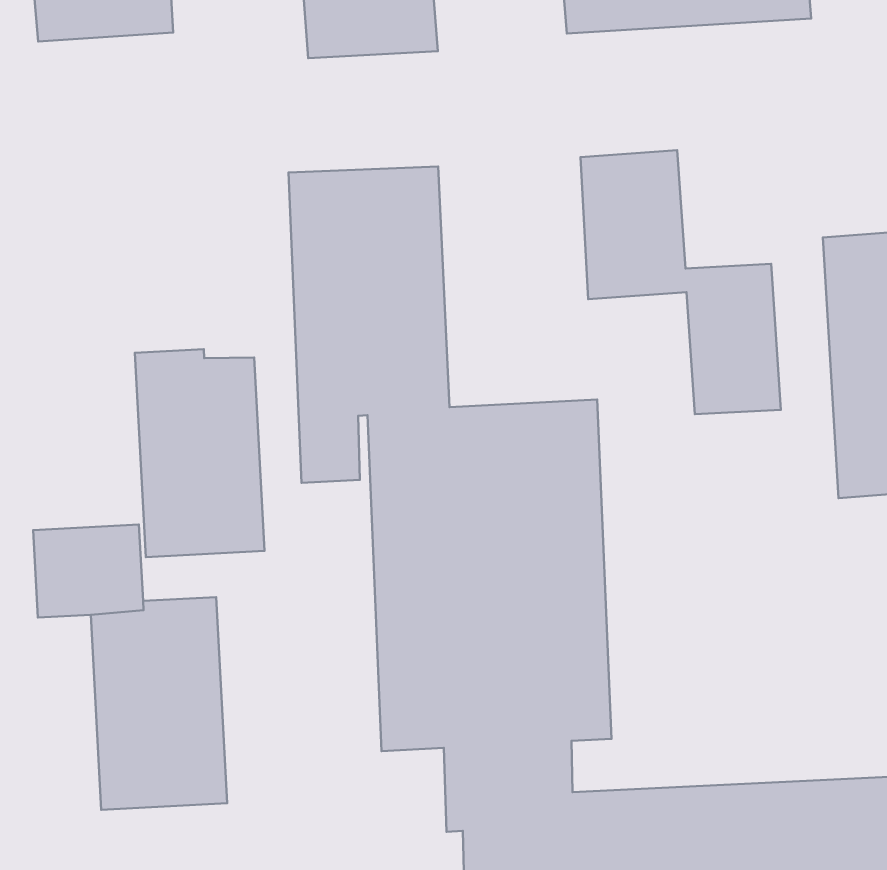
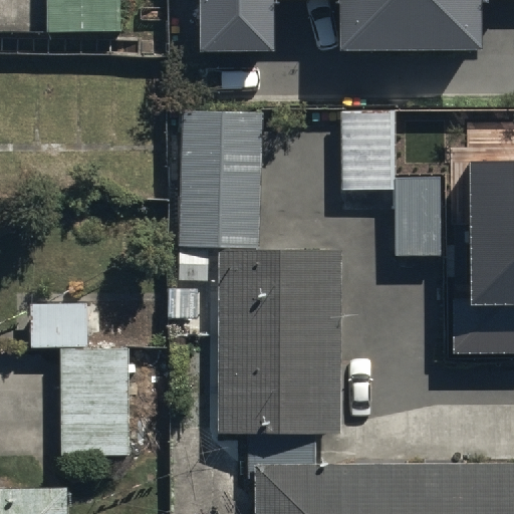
building: [135,349,265,557] -> none

